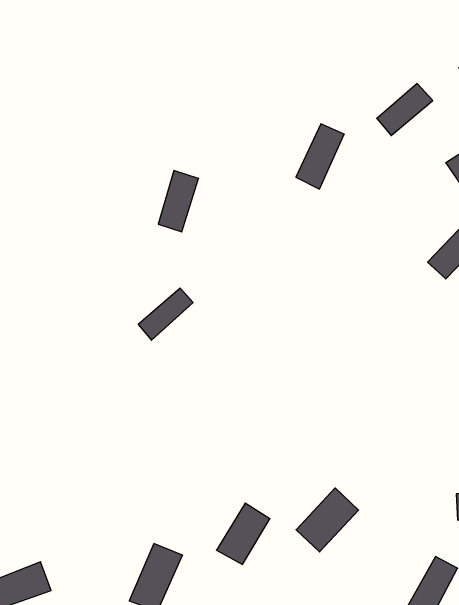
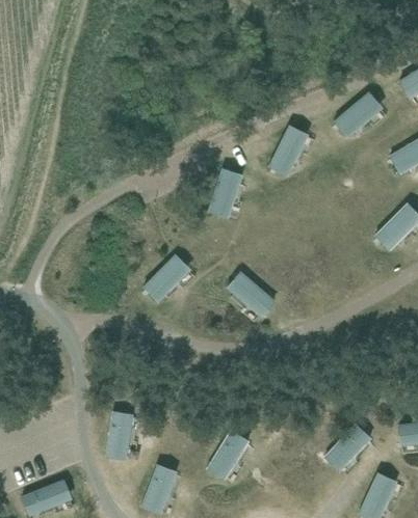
building: [158,171,199,232] -> [208,171,240,220]
building: none -> [227,274,271,316]
building: none -> [103,410,132,459]
building: [296,488,359,552] -> [323,420,373,471]

